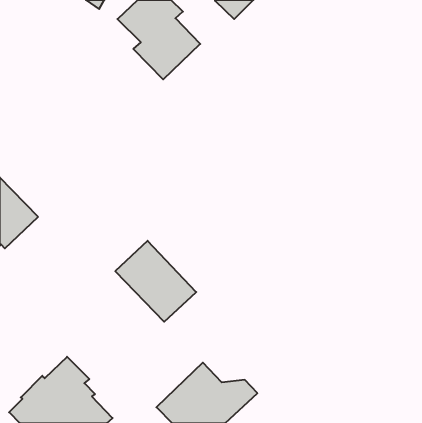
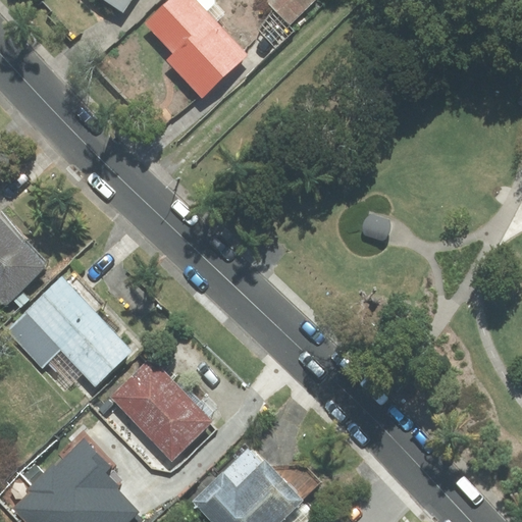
building: none -> [5,272,130,385]
building: [115,241,196,322] -> [110,359,210,459]

